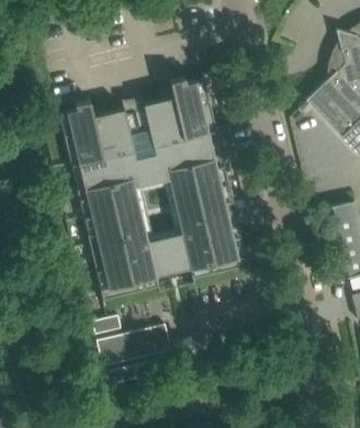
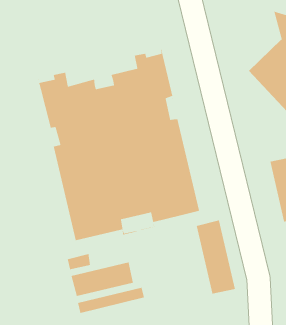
building: none -> [196,219,236,294]

